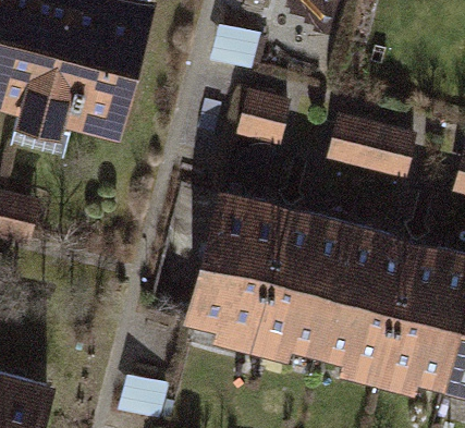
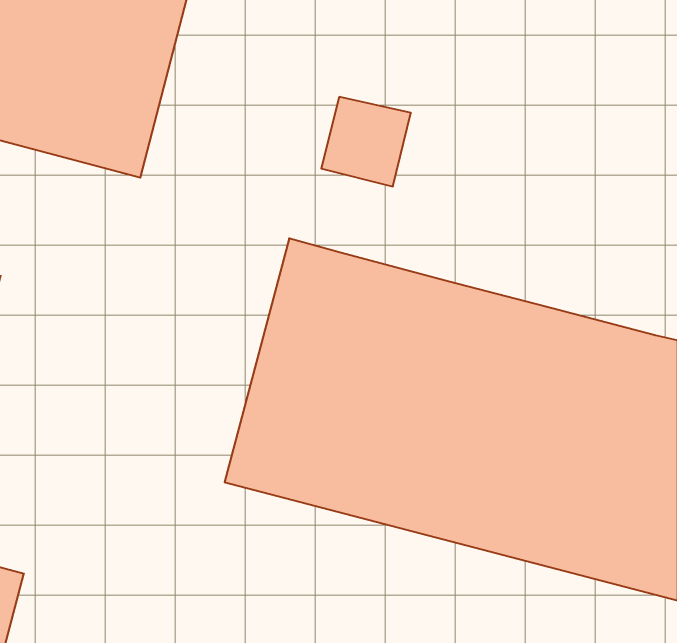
building: [328,123,415,180] -> none

